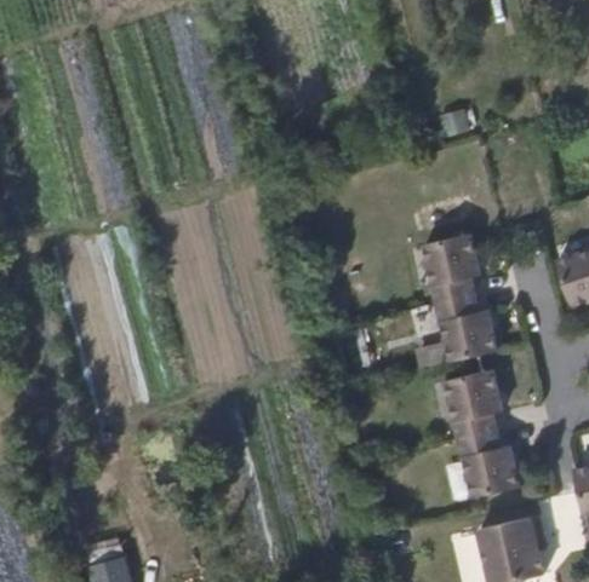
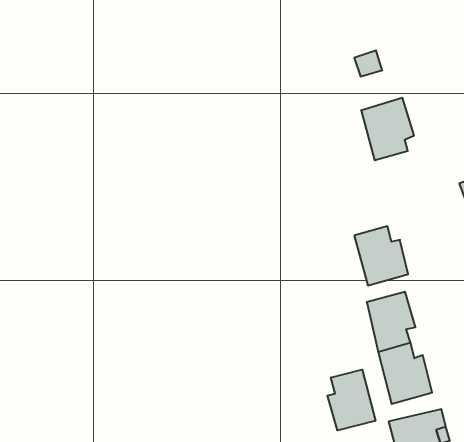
building: [418,237,480,310] -> [361,98,414,160]
building: none -> [327,370,375,430]

